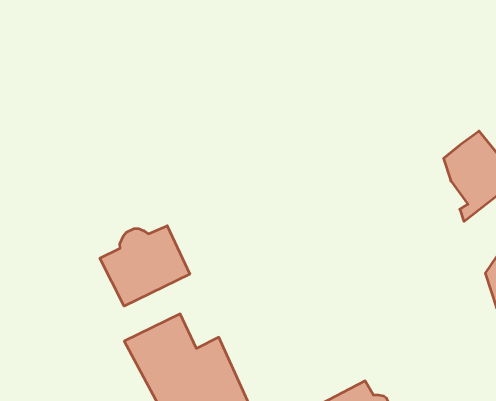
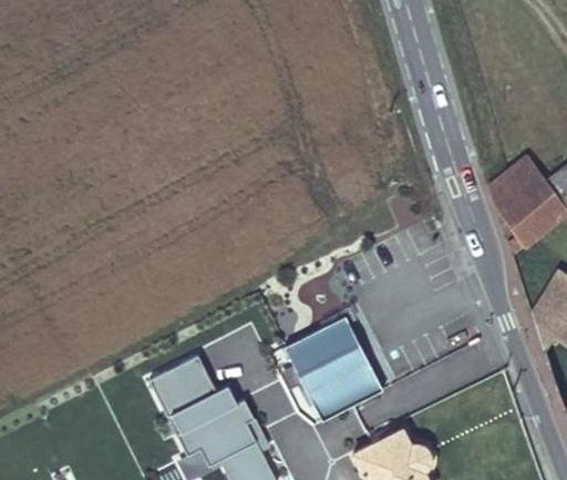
building: [100,226,190,306] -> none
building: none -> [285,316,383,420]

